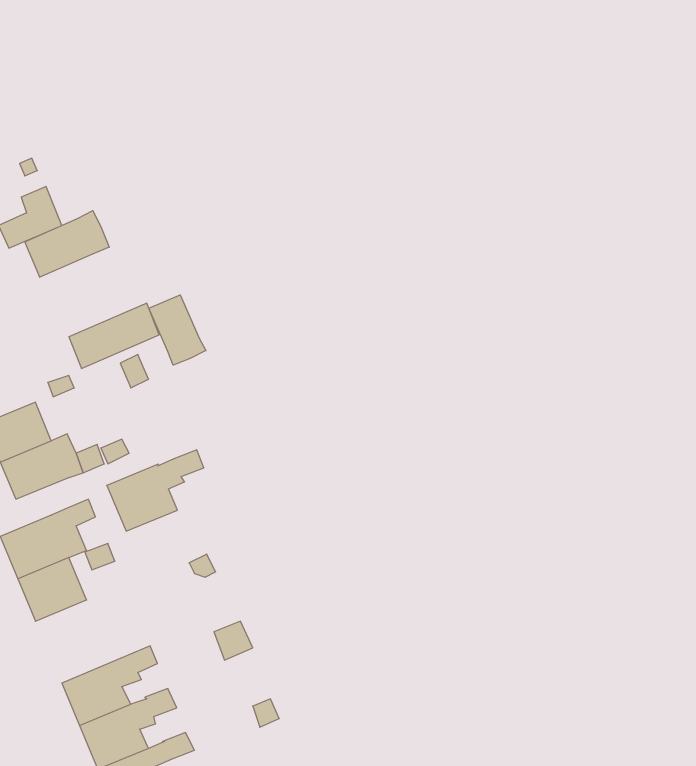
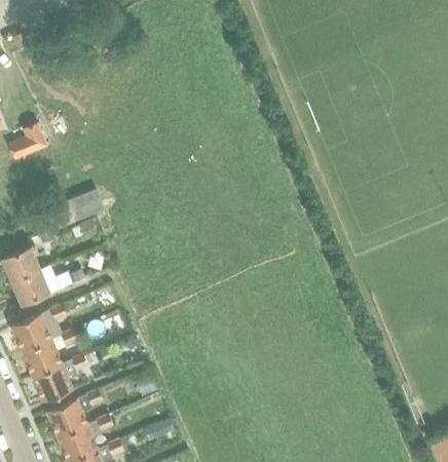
building: [25,211,109,277] -> none
building: [149,295,206,365] -> none
building: [107,450,204,531] -> [31,354,87,401]

